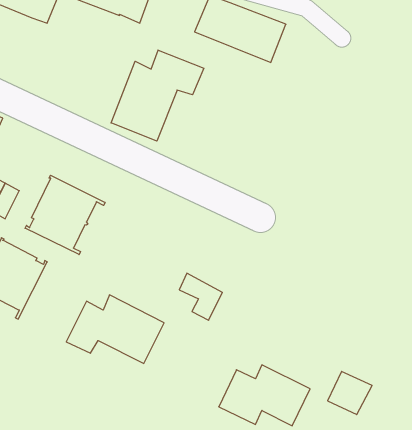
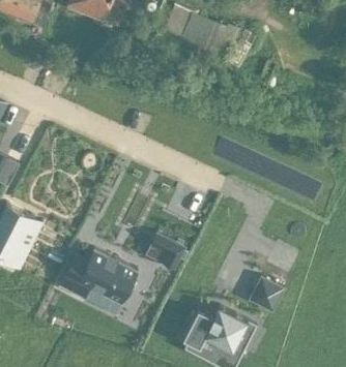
building: [111,50,204,141] -> none
building: [25,175,105,255] -> none
building: [328,371,372,415] -> [249,274,285,309]

